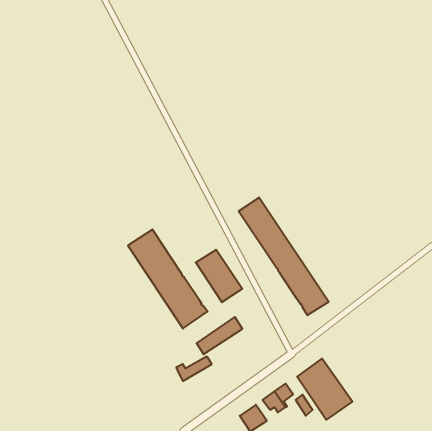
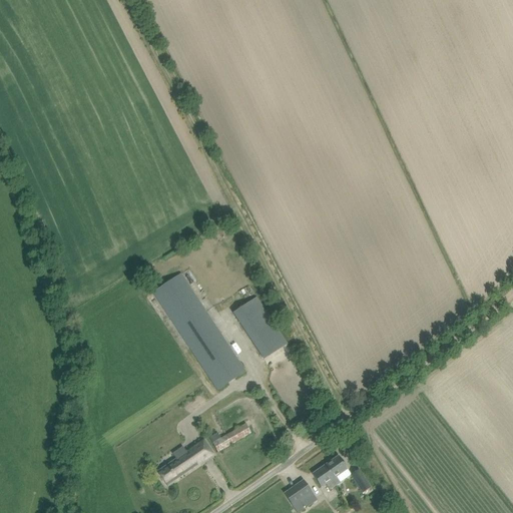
building: [239,197,329,315] -> none
building: [197,317,242,354] -> [157,439,211,483]
building: [297,358,352,420] -> none

